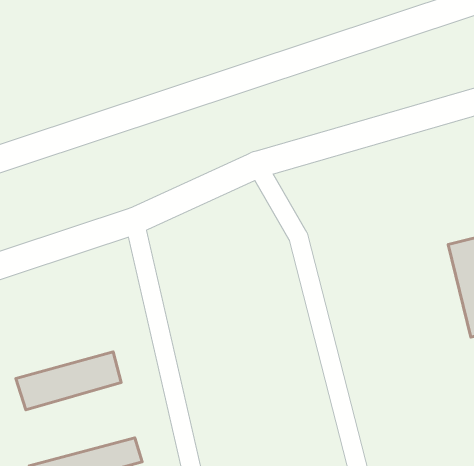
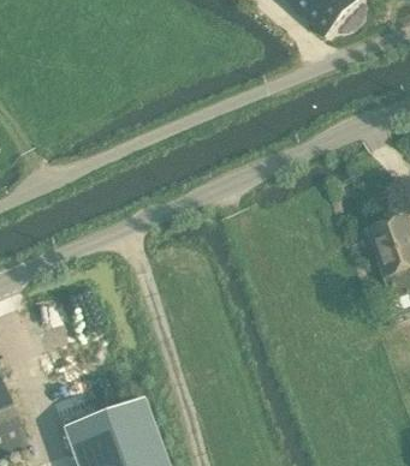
building: [16,352,121,410] -> none

